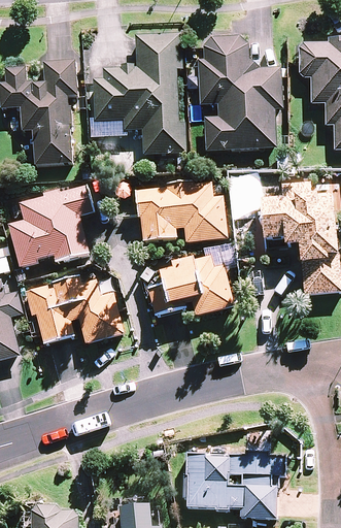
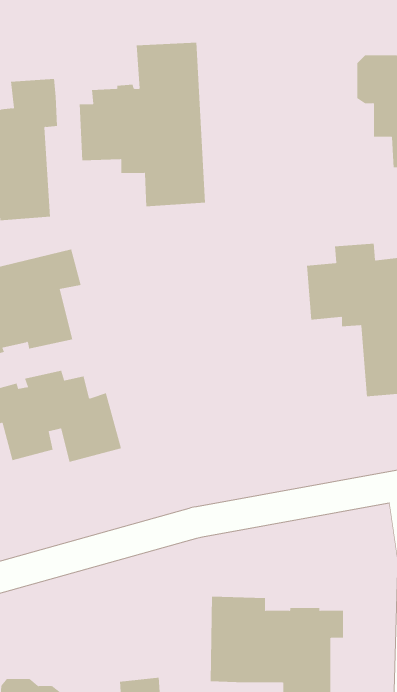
building: [197,35,282,151] -> none
building: [137,179,228,242] -> none
building: [148,255,234,316] -> none

